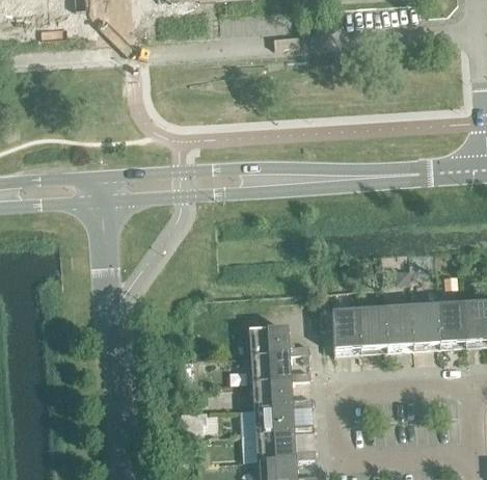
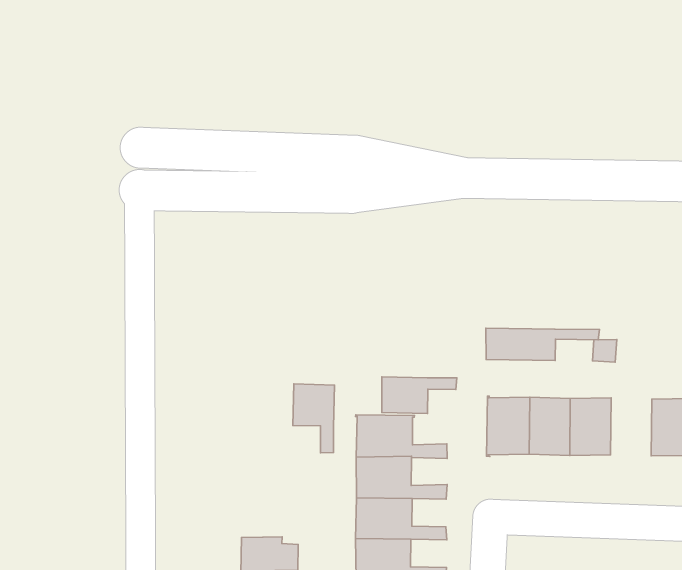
building: none -> [486,328,599,361]
building: none -> [382,377,457,413]
building: [410,303,438,341] -> none
building: none -> [293,384,334,453]

